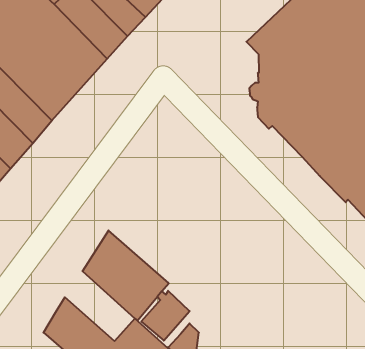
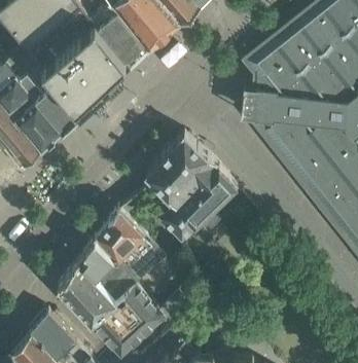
building: none -> [145,134,236,241]
building: none -> [77,241,134,301]

